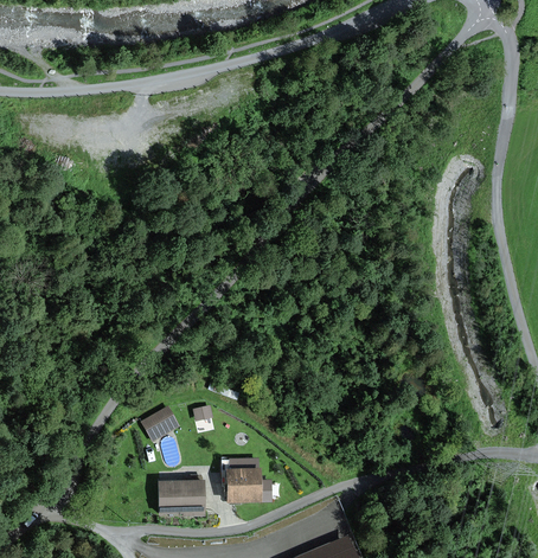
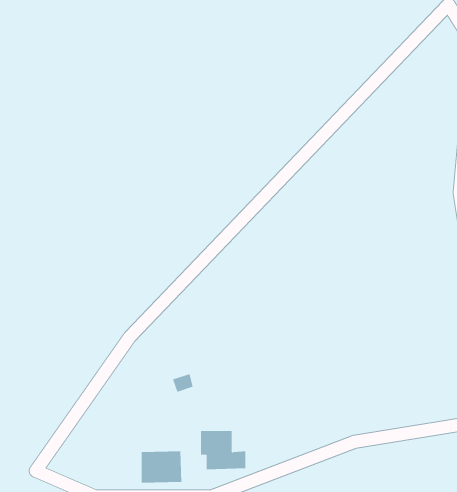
building: [143,405,177,437] -> none

